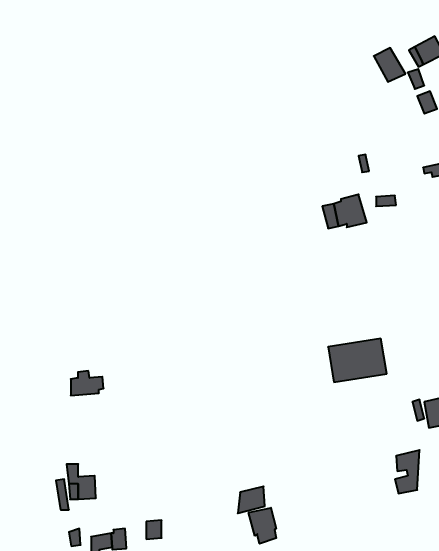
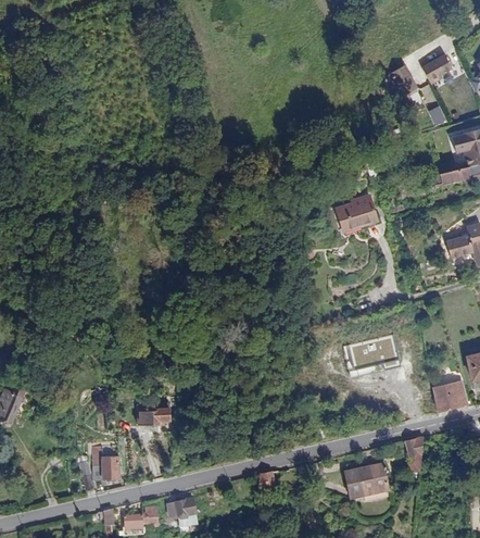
building: [71,371,104,395] -> [139,399,169,422]
building: none -> [344,463,390,498]
building: [249,508,276,544] -> none

